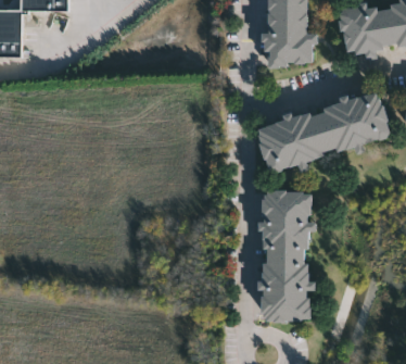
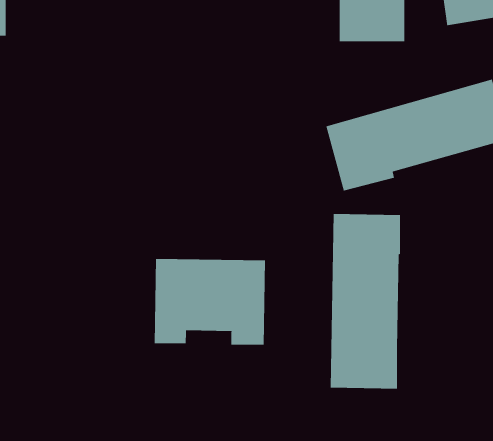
building: none -> [154,258,266,346]

